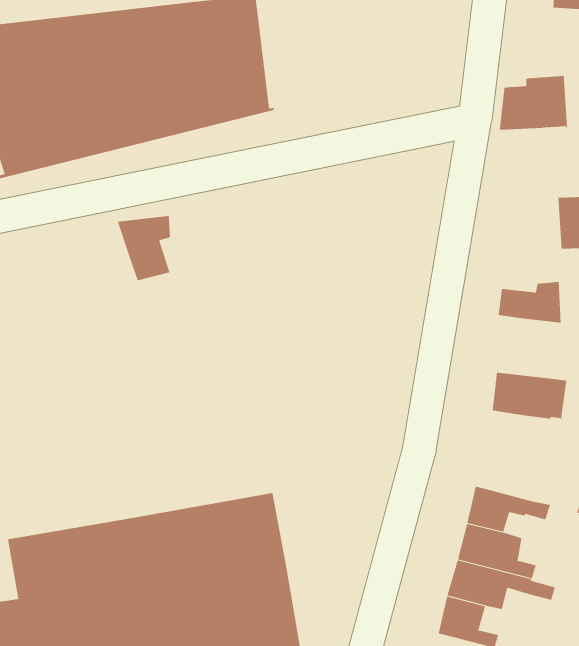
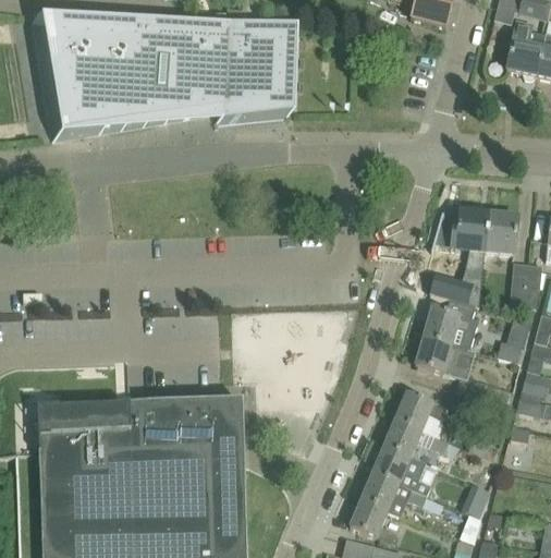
building: [498,76,568,136] -> [431,207,488,250]
building: [117,215,171,281] -> none
building: none -> [423,298,477,345]
building: none -> [394,390,449,436]

